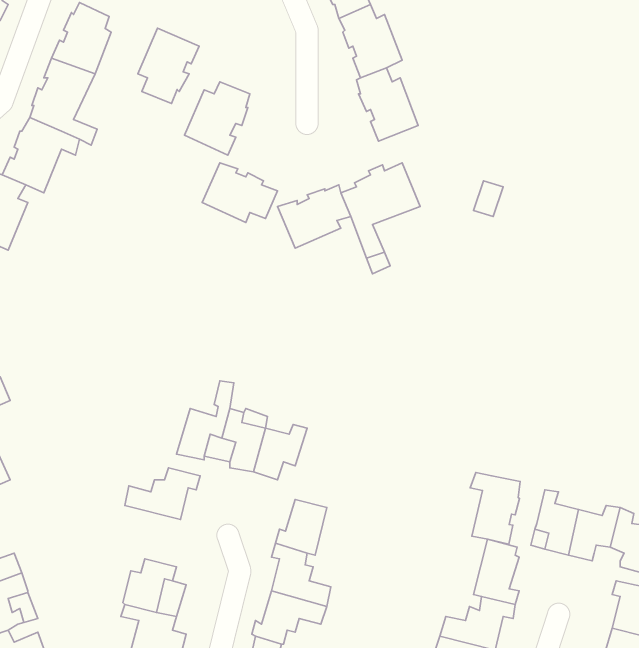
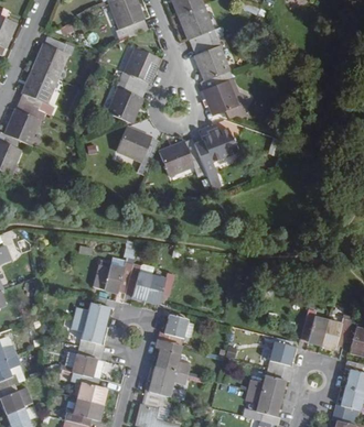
building: [138,28,199,103] -> [125,47,159,89]
building: [470,473,520,544] -> none
building: none -> [71,318,105,352]

